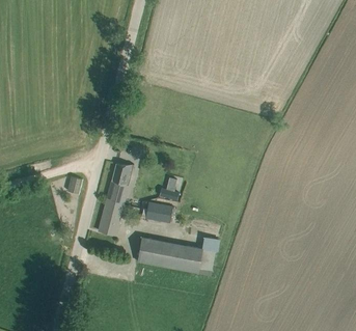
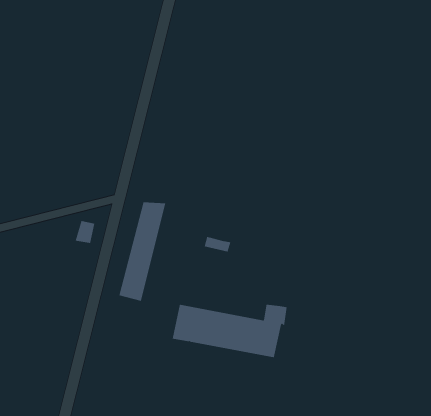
building: [140,201,172,223] -> none

